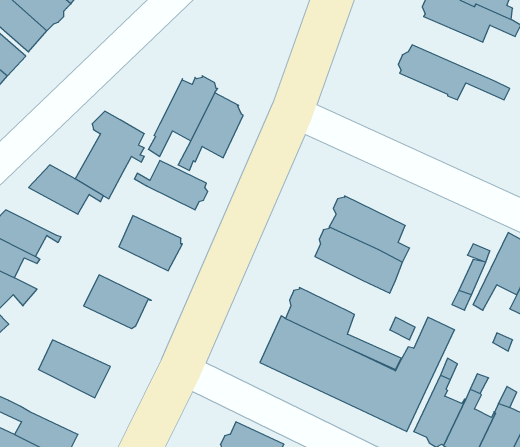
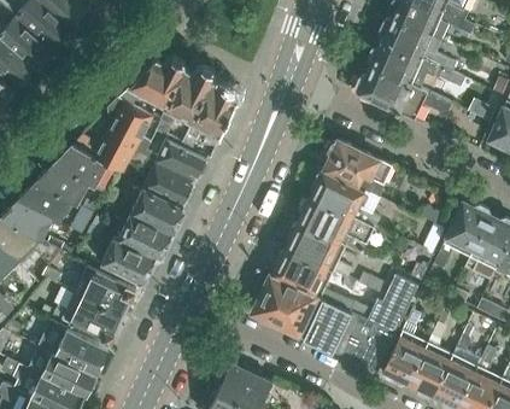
building: none -> [381,17,456,72]
building: none -> [118,59,184,109]
building: none -> [356,65,453,123]
building: none -> [323,140,391,197]
building: none -> [129,150,195,204]
building: none -> [34,163,99,204]
building: none -> [113,214,172,259]
building: none -> [285,222,357,276]
building: none -> [74,267,135,316]
building: none -> [36,320,107,374]

